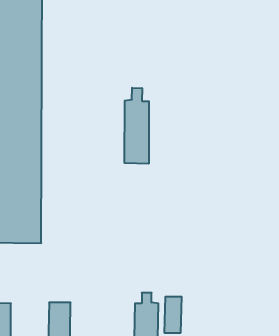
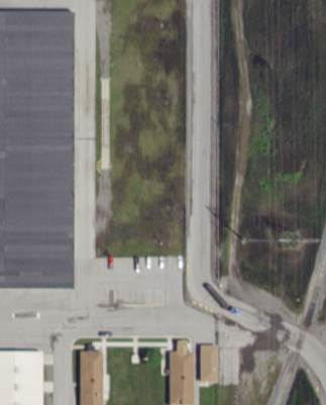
building: [125,88,149,164] -> none

